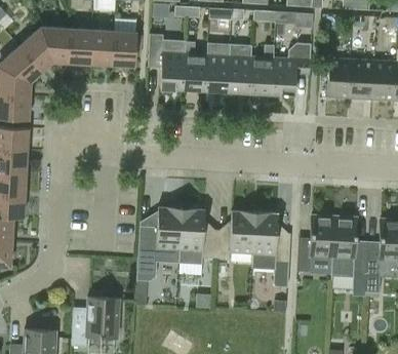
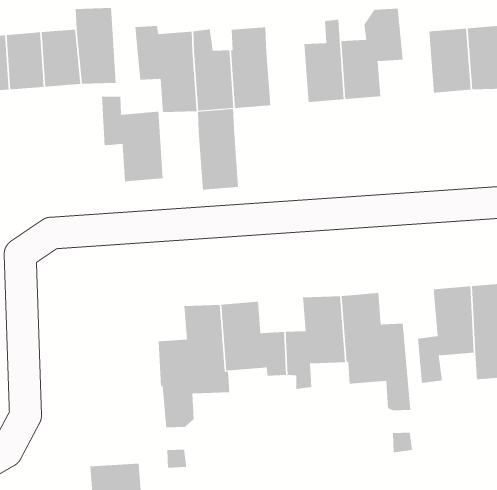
building: [227,44,252,93] -> [197,109,239,190]
building: none -> [101,96,163,182]

